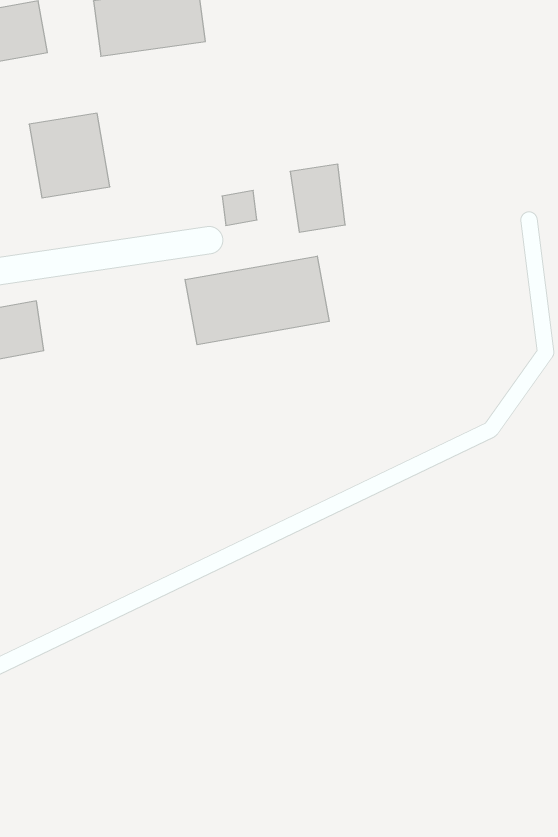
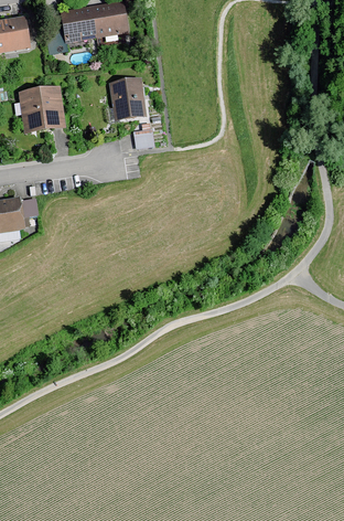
building: [290,164,345,232] -> [111,78,144,119]
building: [185,256,329,345] -> none

